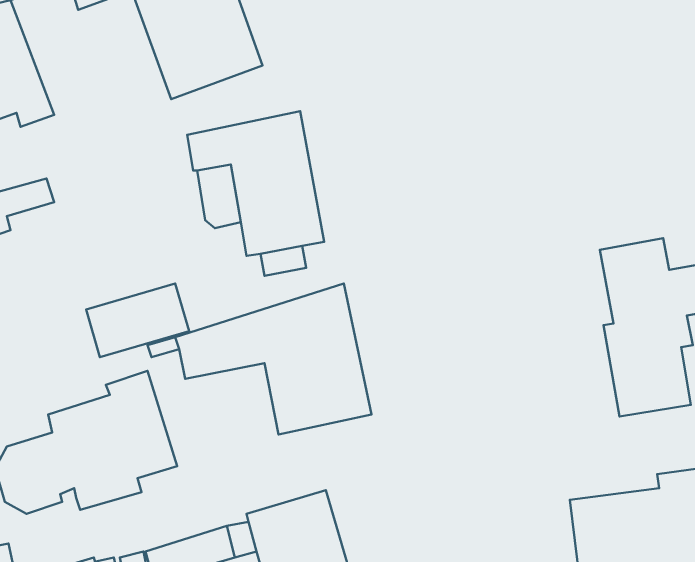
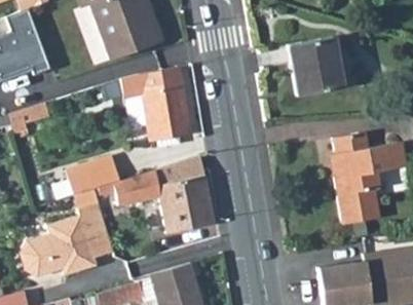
building: none -> [288,39,342,97]

